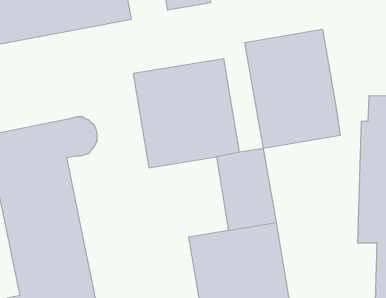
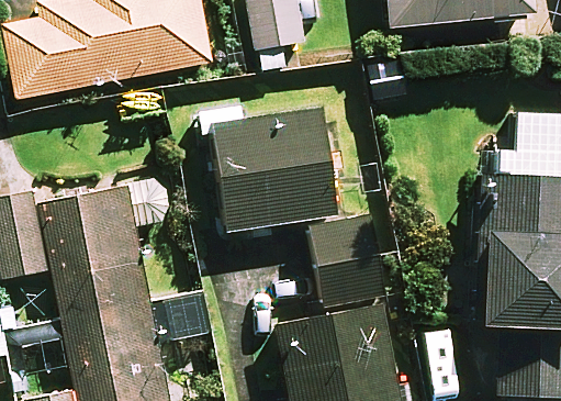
building: [245,29,340,148] -> none

